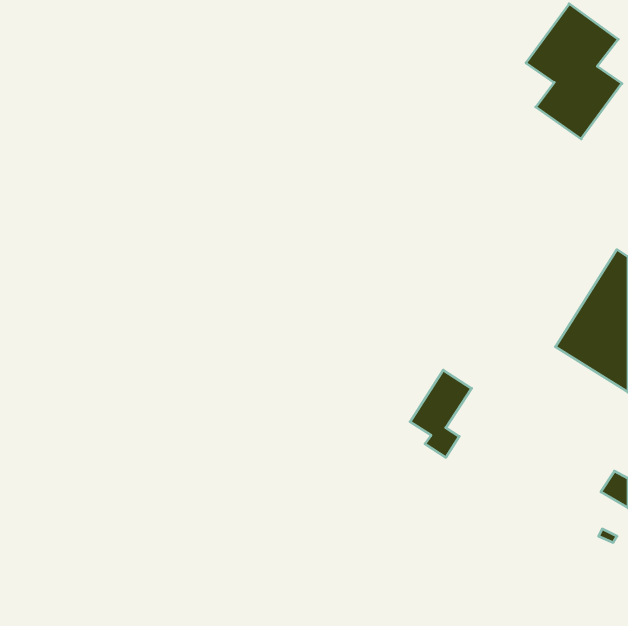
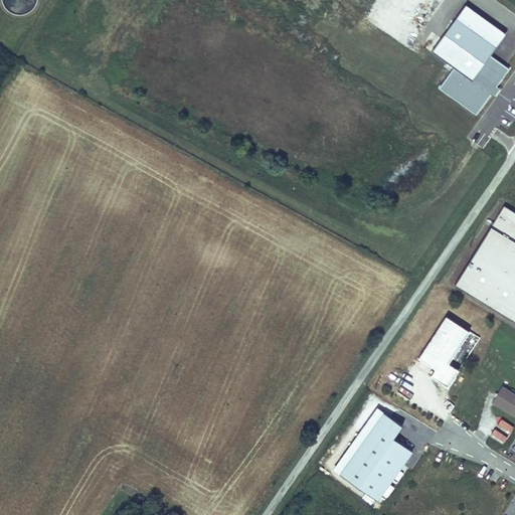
building: [410,370,472,457] -> [418,317,469,388]
building: none -> [339,412,413,502]

